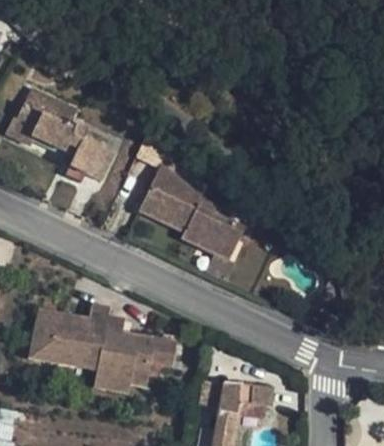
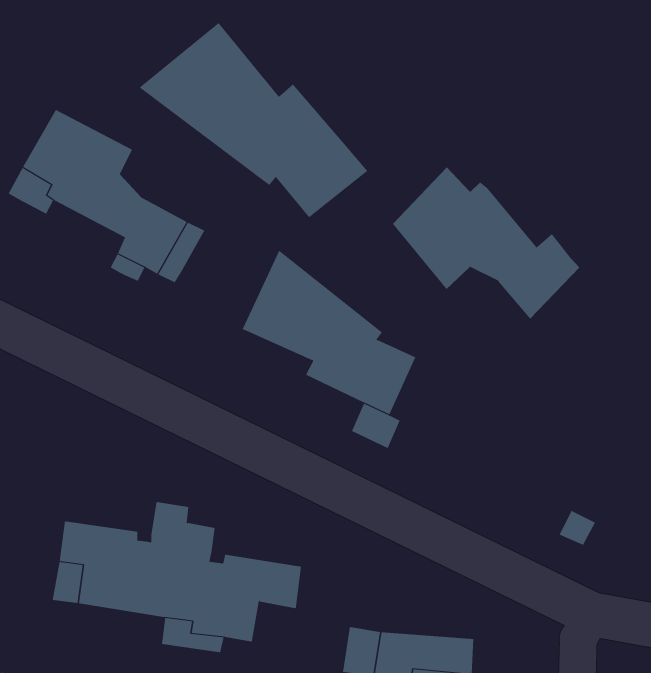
building: none -> [138,22,368,218]
building: none -> [392,166,580,319]

